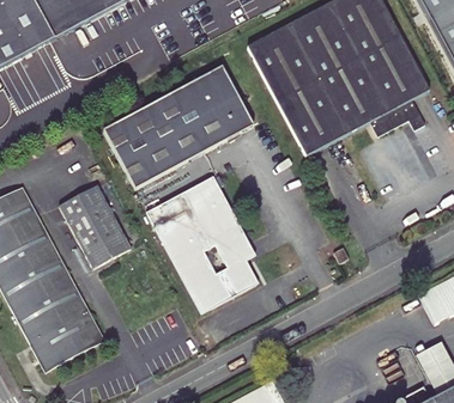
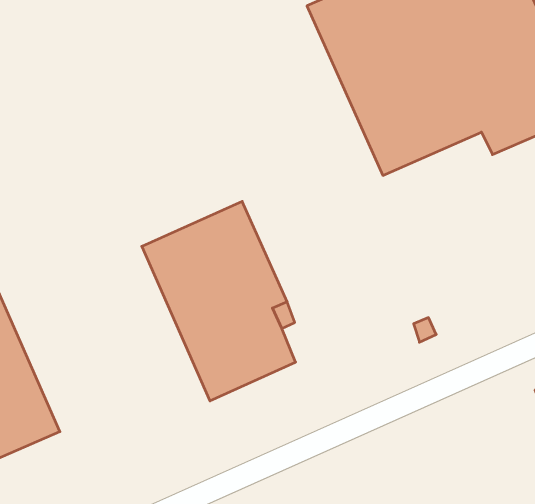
building: [103,65,253,188] -> none
building: [59,183,131,267] -> none

